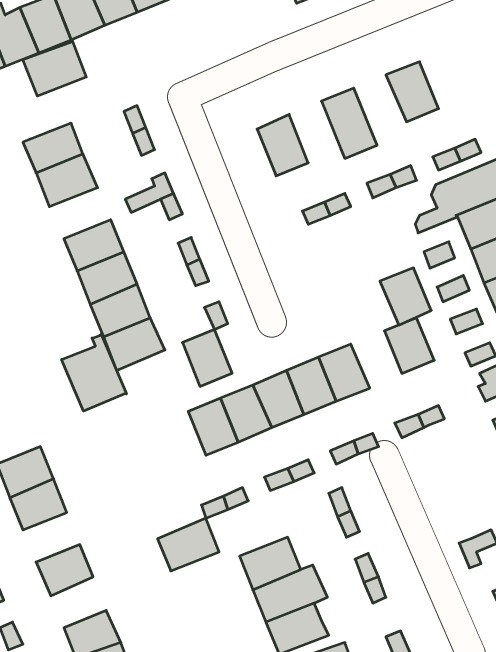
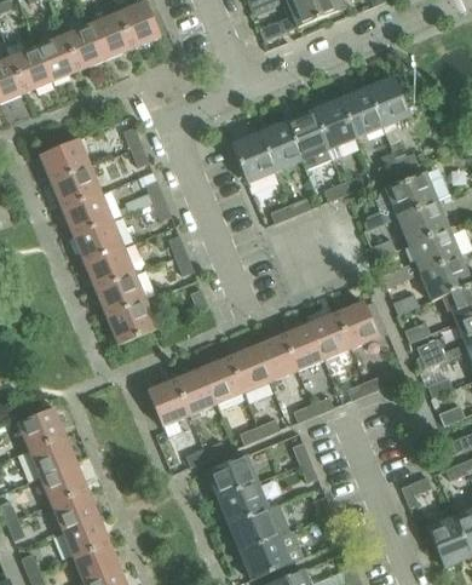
building: [23,41,86,96] -> none
building: none -> [367,76,409,127]
building: none -> [312,99,356,149]
building: none -> [259,121,301,172]
building: none -> [61,193,111,235]
building: [380,268,431,325] -> [310,311,352,359]
building: [182,329,232,386] -> [149,378,190,425]
building: [62,334,126,411] -> none
building: none -> [39,461,86,503]
building: [158,518,219,571] -> [207,454,258,498]
building: none -> [62,515,108,557]

